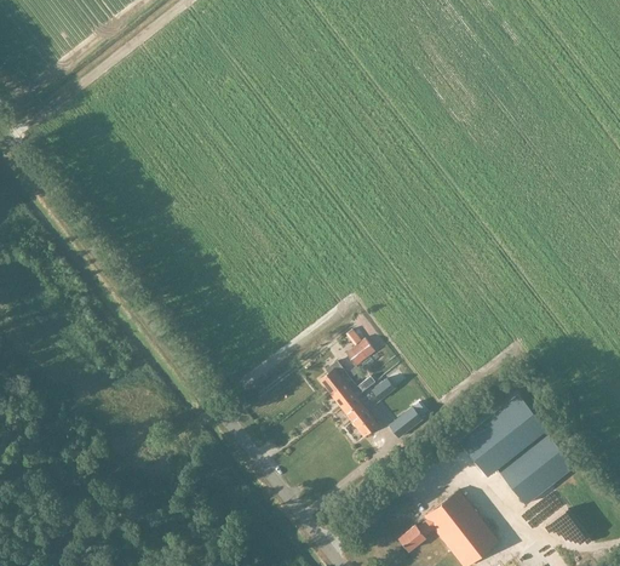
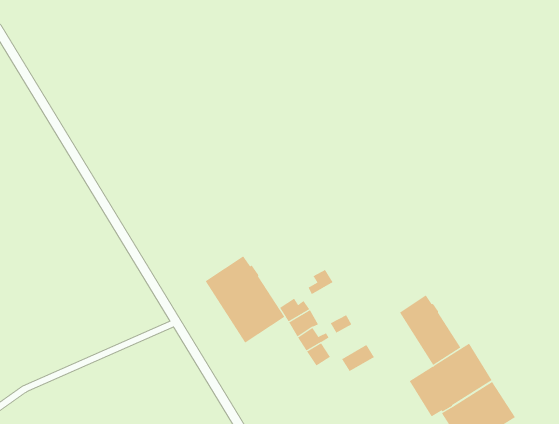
building: none -> [205,255,285,344]
building: none -> [399,295,461,366]

